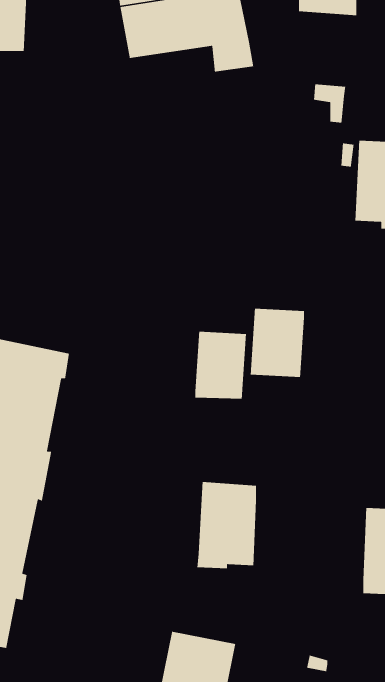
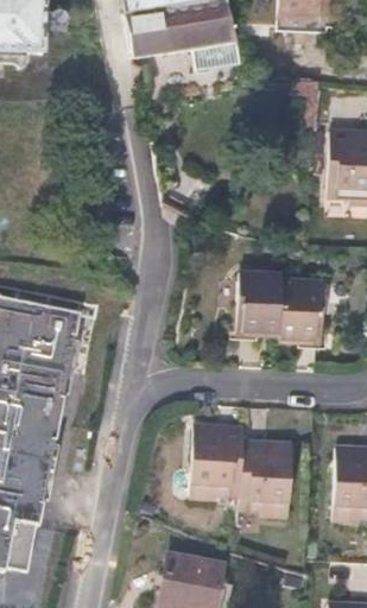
building: [195,331,247,400] -> [280,281,325,341]
building: none -> [240,439,293,517]

